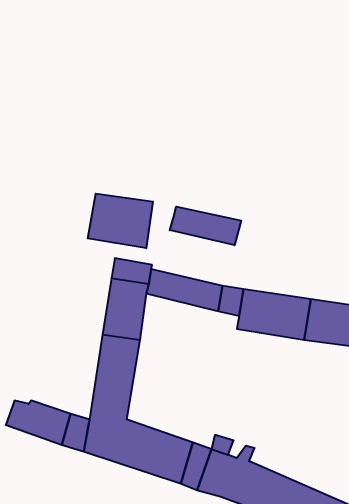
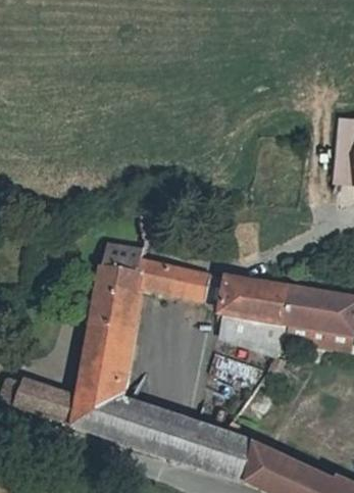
building: [88,194,153,248] -> none
building: [170,207,241,245] -> none

